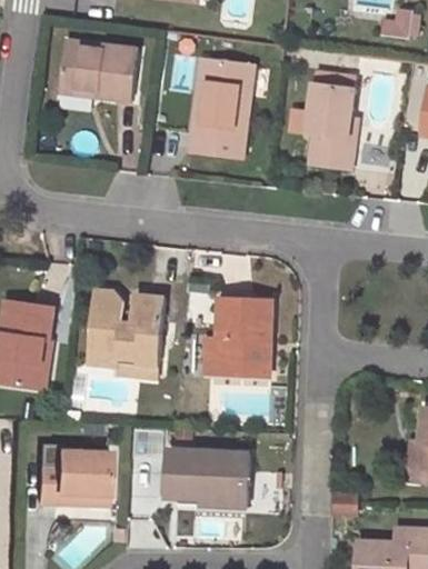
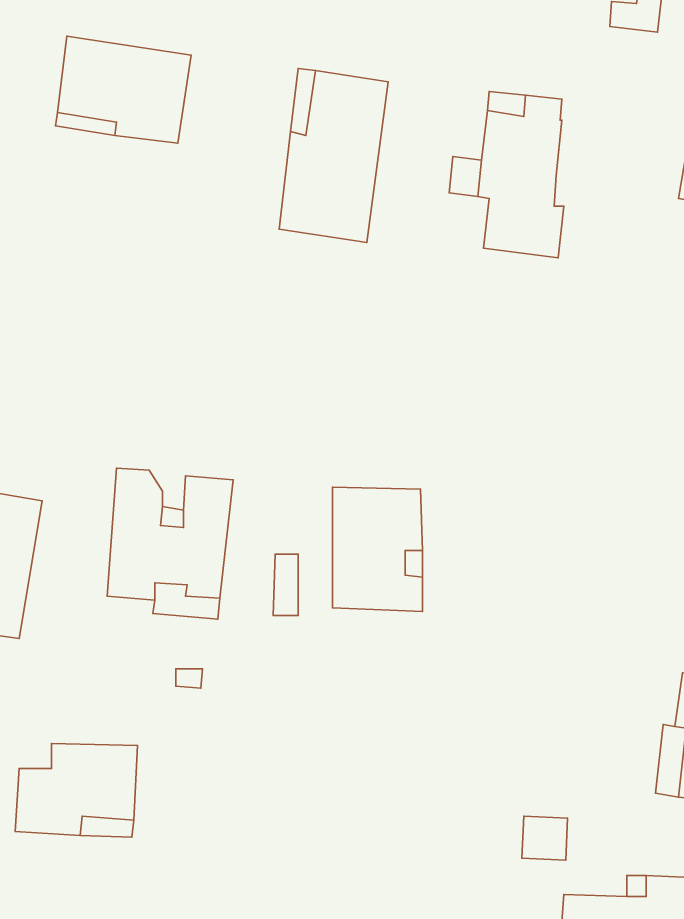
building: [167,449,247,506] -> none

